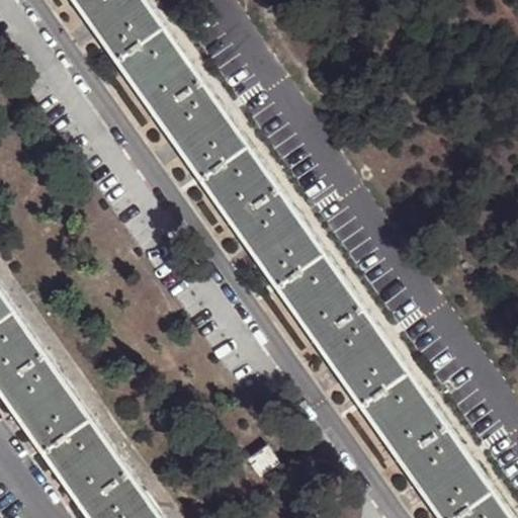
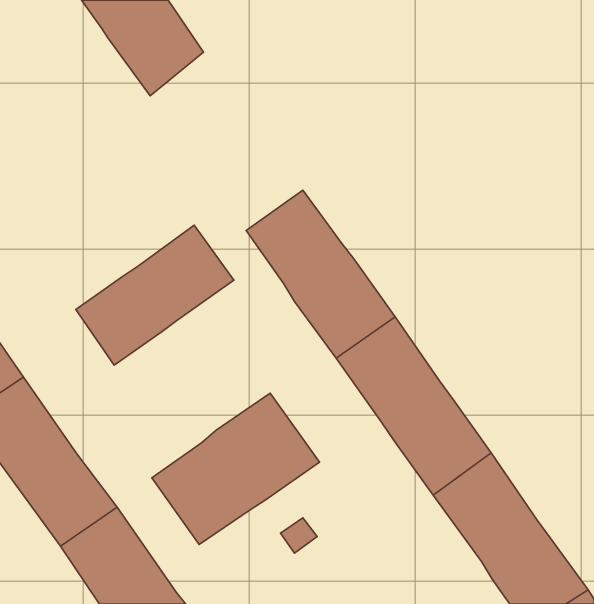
building: [128,45,259,197] -> none
building: none -> [76,225,234,365]
building: none -> [152,393,319,545]

